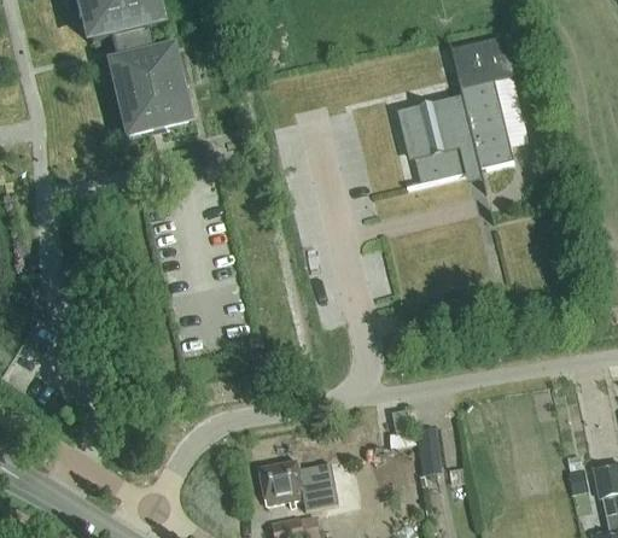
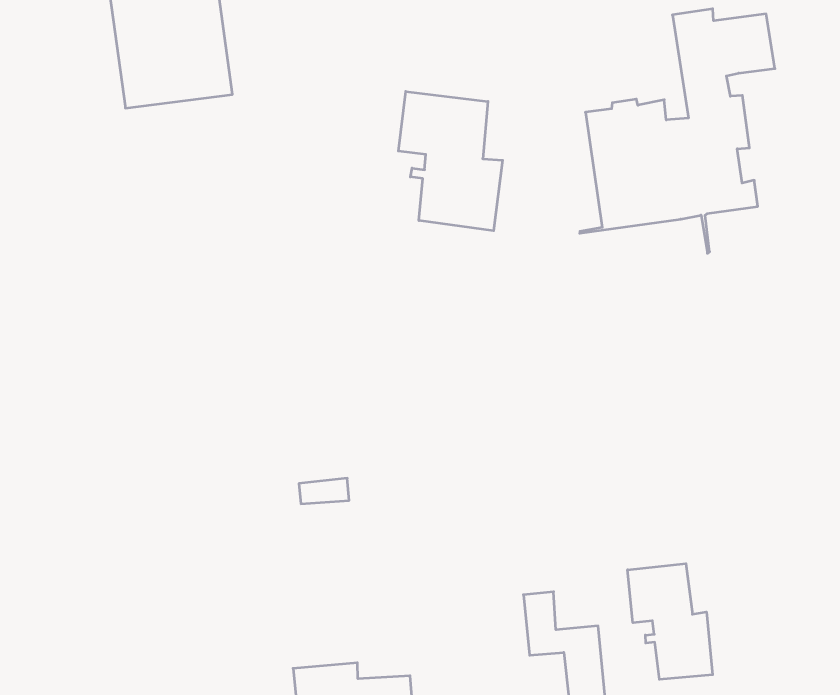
building: none -> [398,91,503,231]
building: none -> [628,564,713,679]

